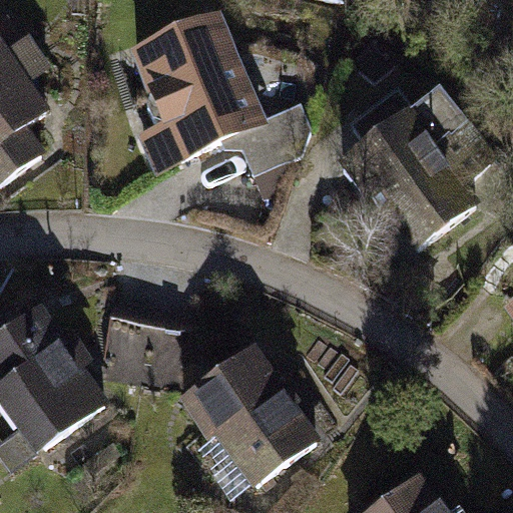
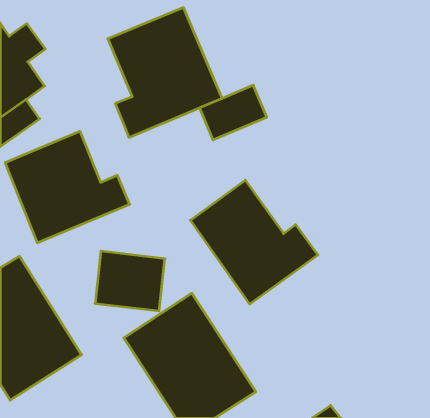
building: [346,109,492,246] -> none
building: none -> [5,131,130,243]
building: none -> [190,180,318,304]

